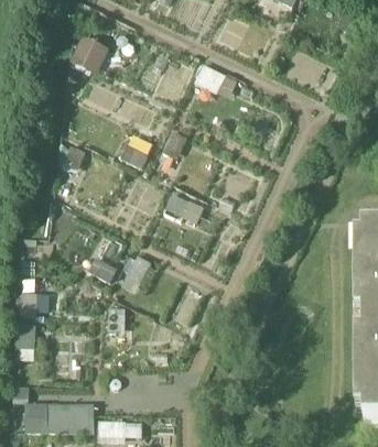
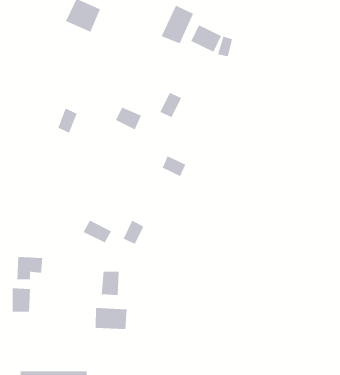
building: none -> [161,5,194,44]
building: none -> [95,307,127,330]

